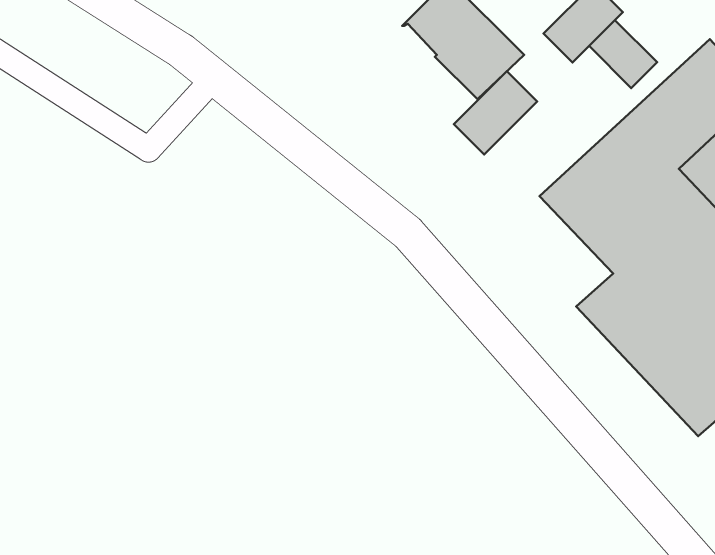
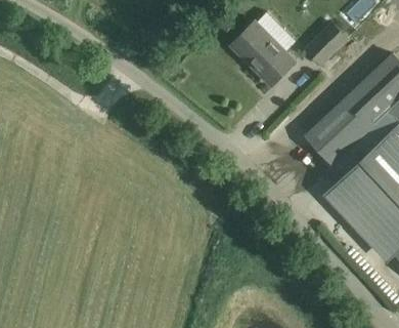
building: [589,20,657,88] -> none
building: [454,71,537,155] -> none

